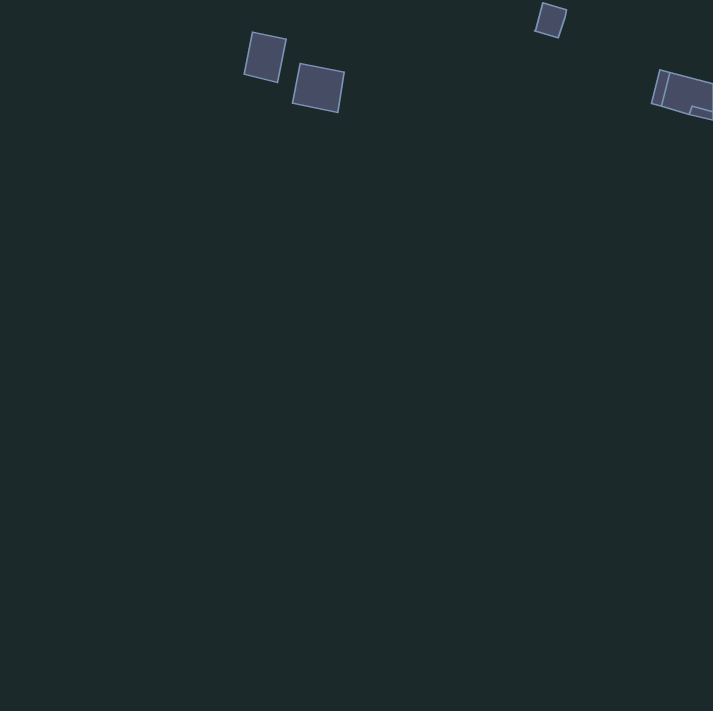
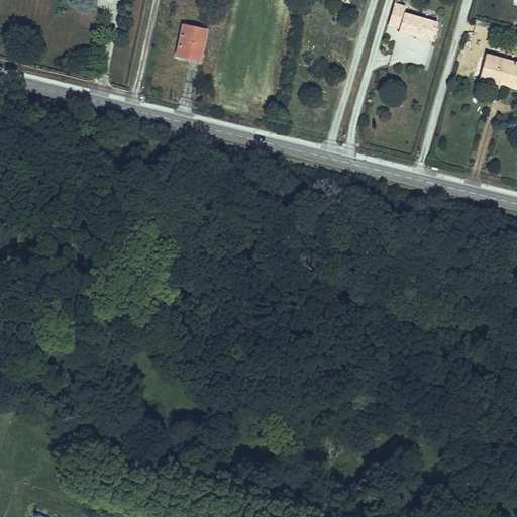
building: none -> [403,12,441,41]
building: [293,64,344,112] -> none

